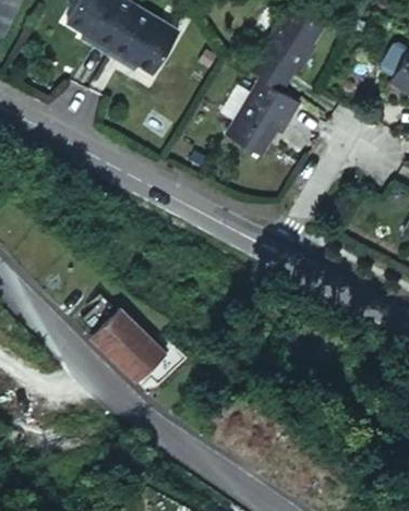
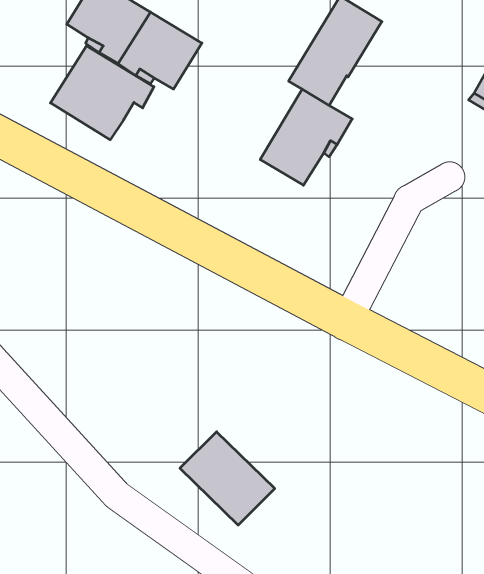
building: none -> [50,46,154,140]
building: [98,304,175,379] -> [180,432,275,525]

